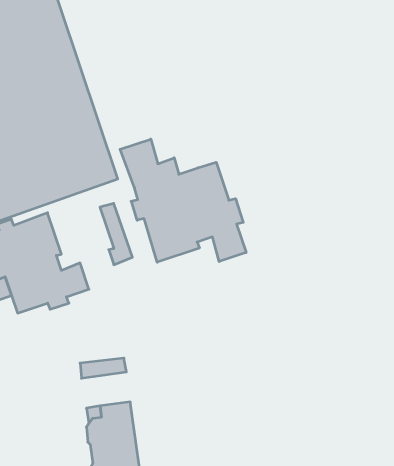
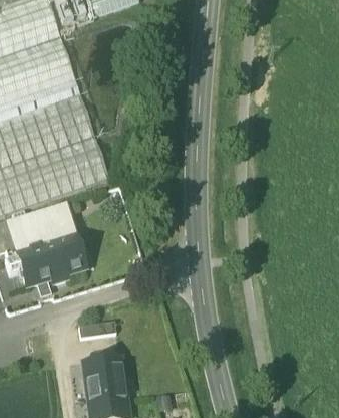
building: [120,139,246,262] -> none
building: [100,203,132,265] -> [52,203,78,252]

